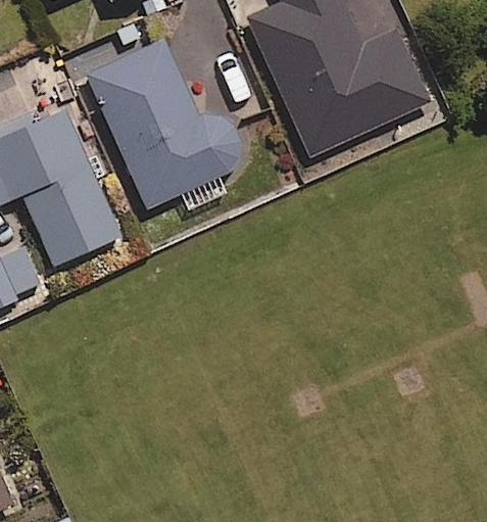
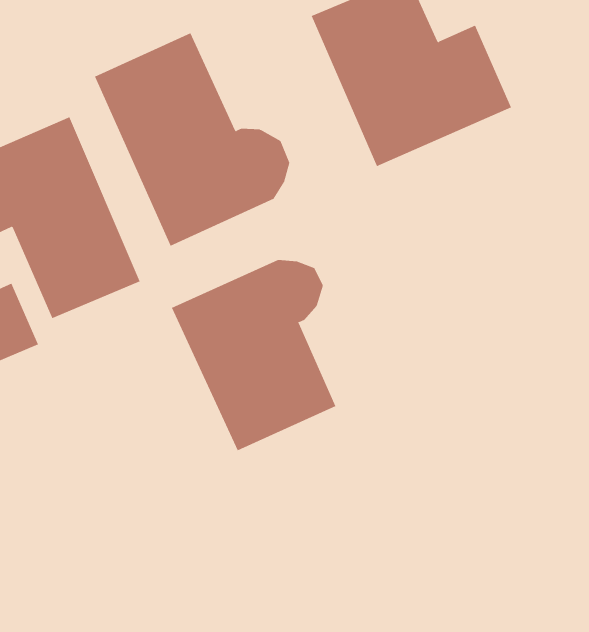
building: none -> [171,259,336,451]

